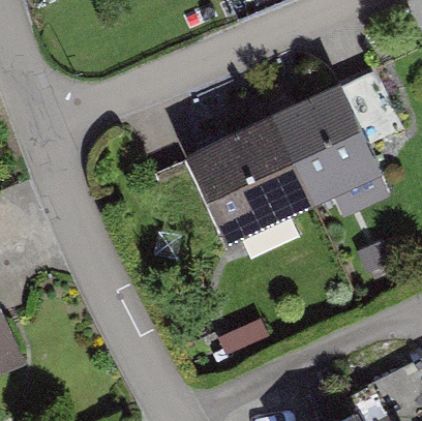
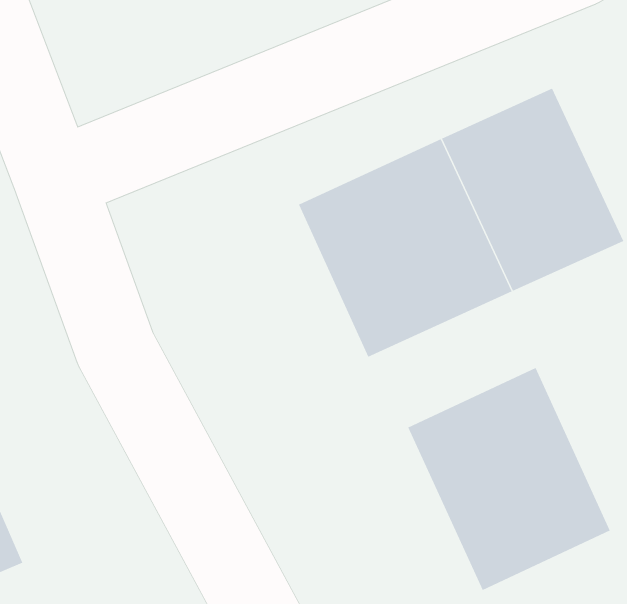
building: none -> [408,367,611,591]

